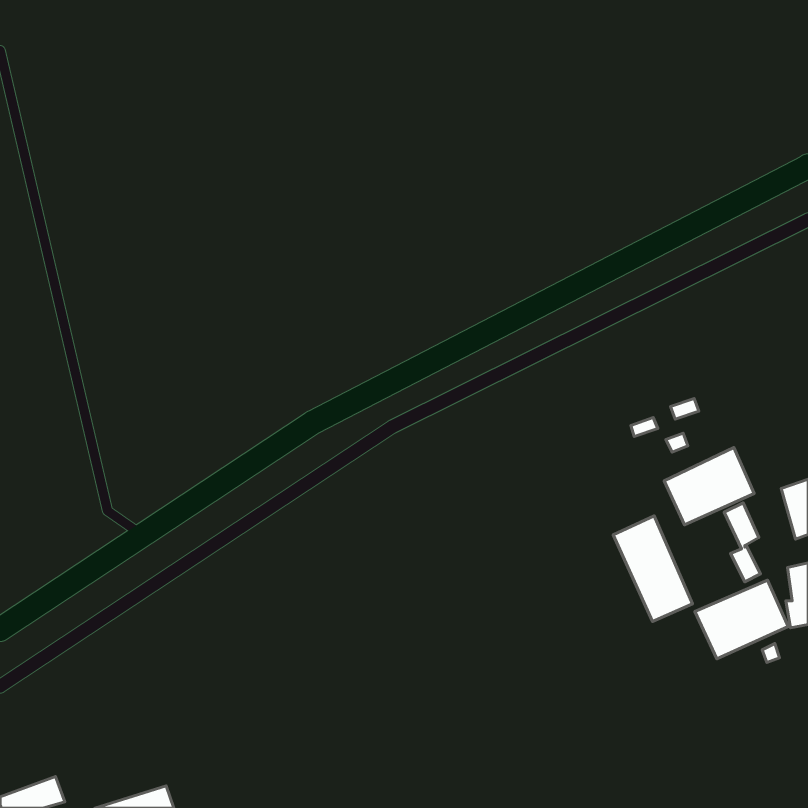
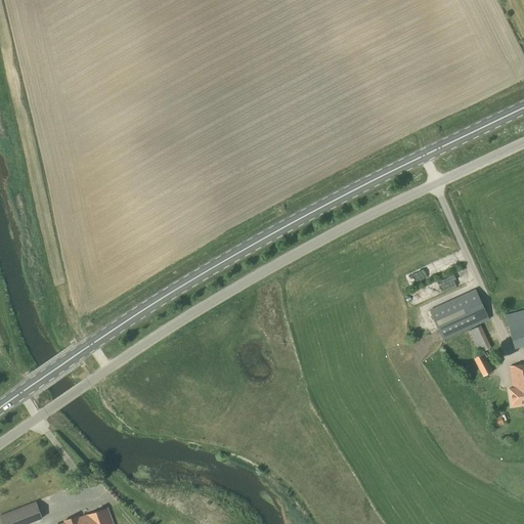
building: [613,516,693,621] -> none
building: [695,580,788,659] -> none

